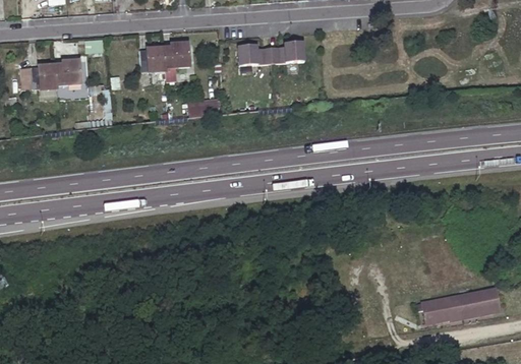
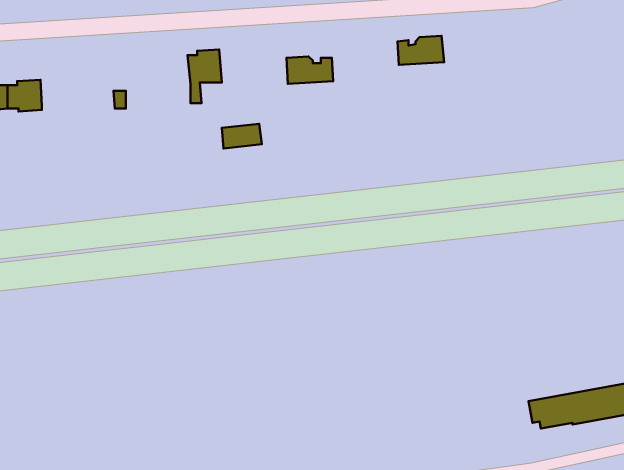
building: [272,44,306,65] -> [398,36,444,65]
building: [140,46,167,71] -> none
building: [56,59,81,83] -> none

